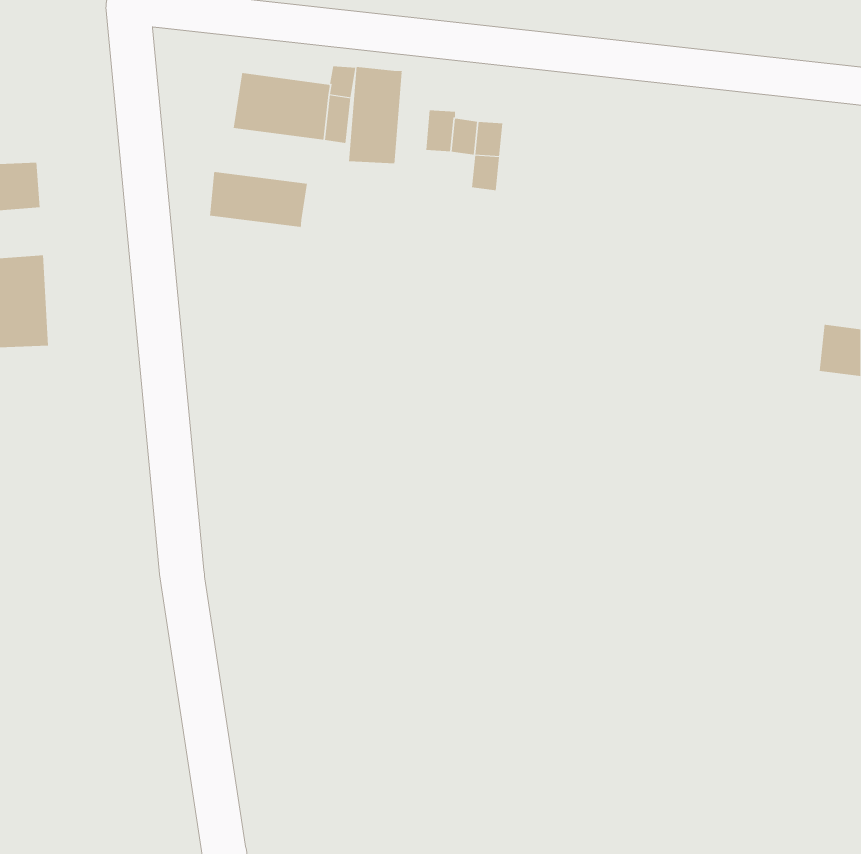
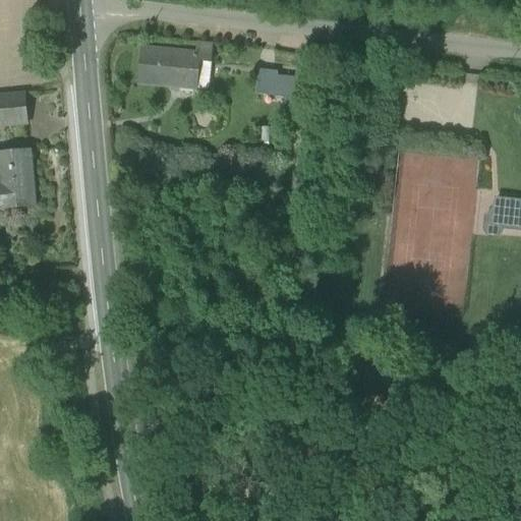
building: [348,66,402,164] -> none
building: [209,171,308,228] -> none

